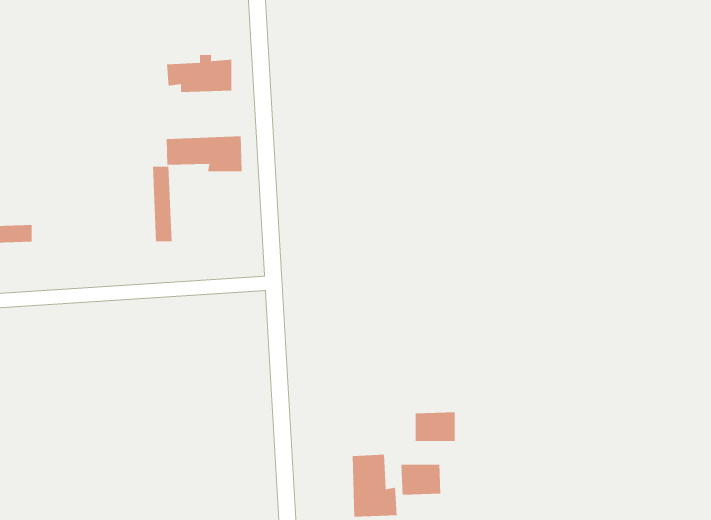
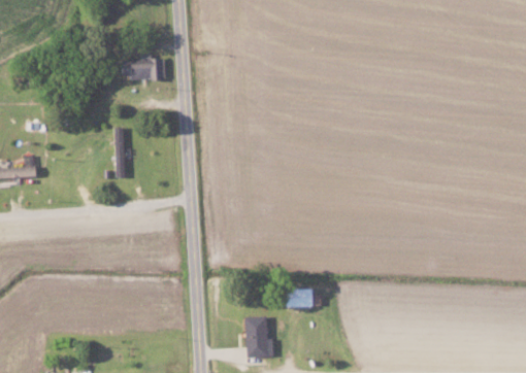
building: [166,136,242,172] -> none
building: [401,464,441,495] -> none

